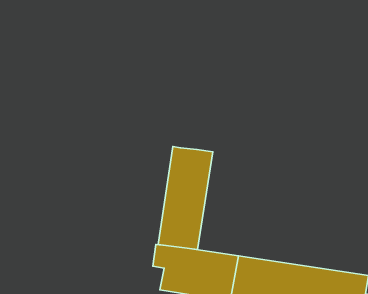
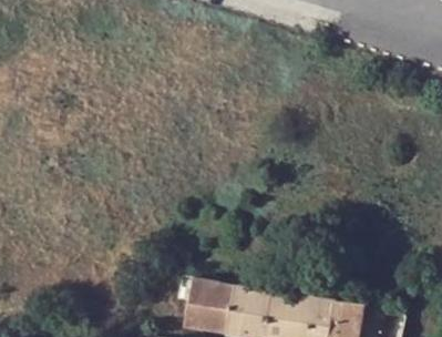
building: [158,146,213,249] -> none

